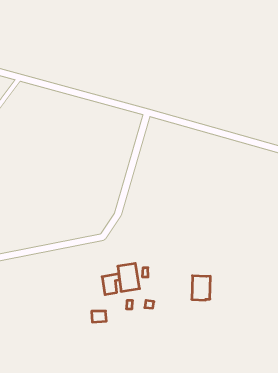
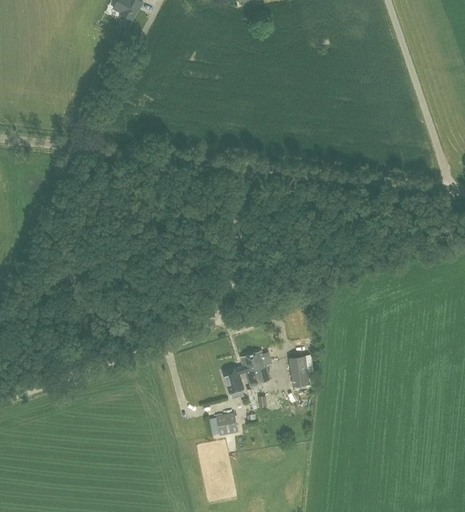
building: [192,276,210,300] -> [287,355,313,387]

